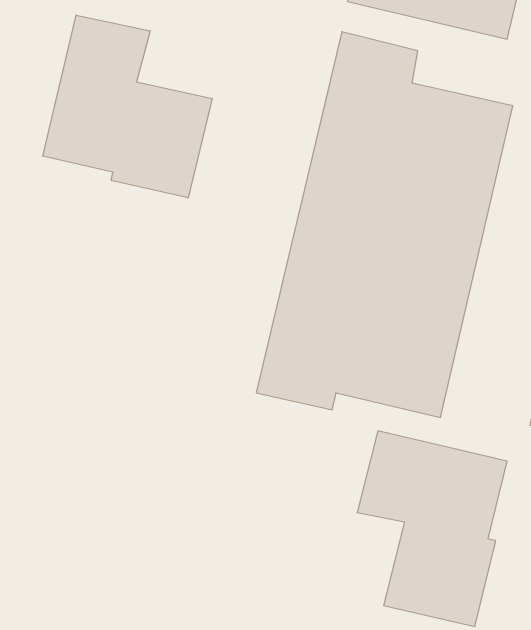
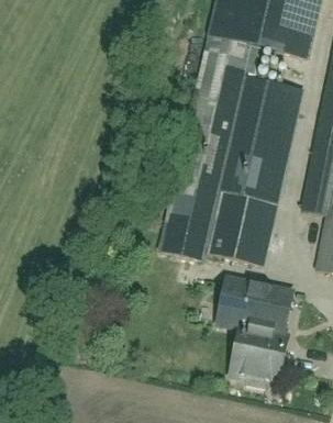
building: [43,15,212,198] -> none

